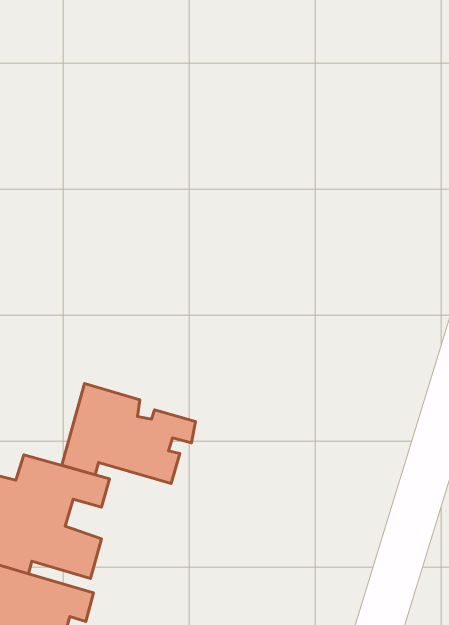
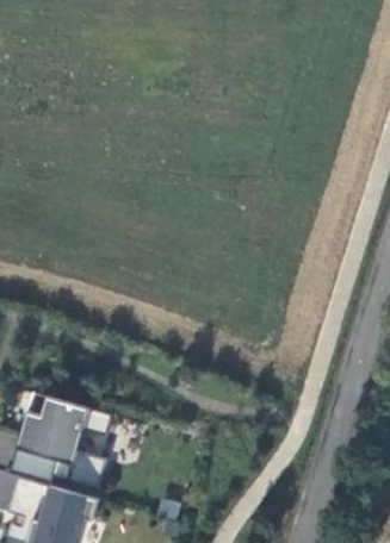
building: [62,383,195,483] -> none

